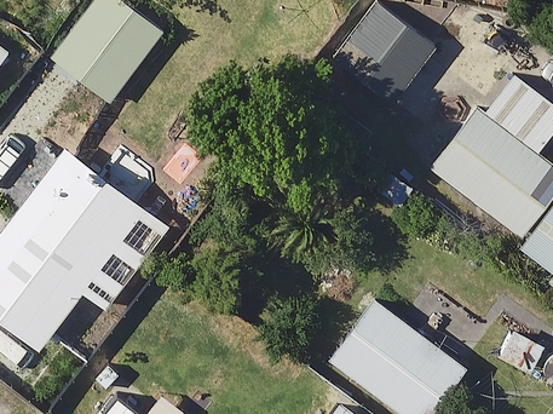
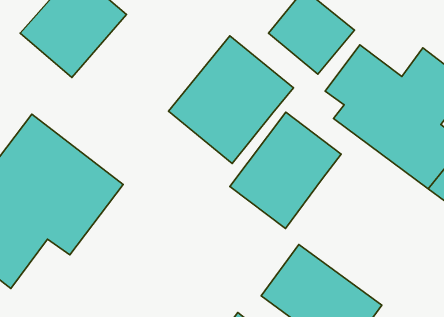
building: none -> [168,36,293,163]
building: none -> [230,112,341,229]

